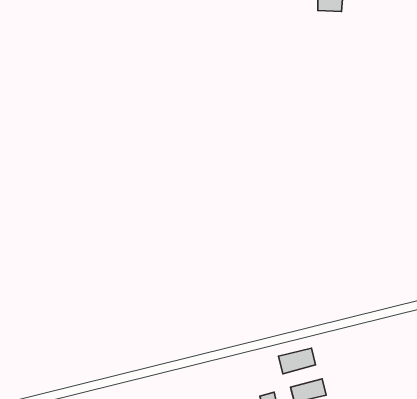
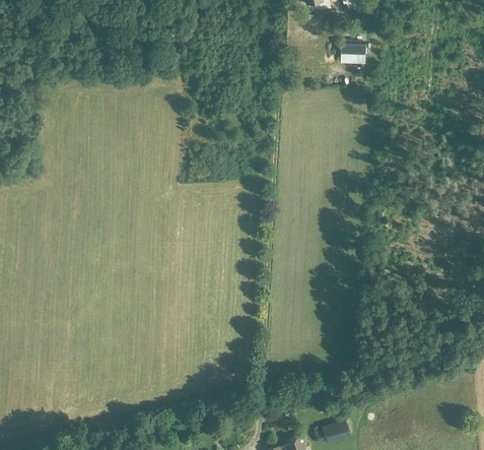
building: [278,348,315,374] -> none

